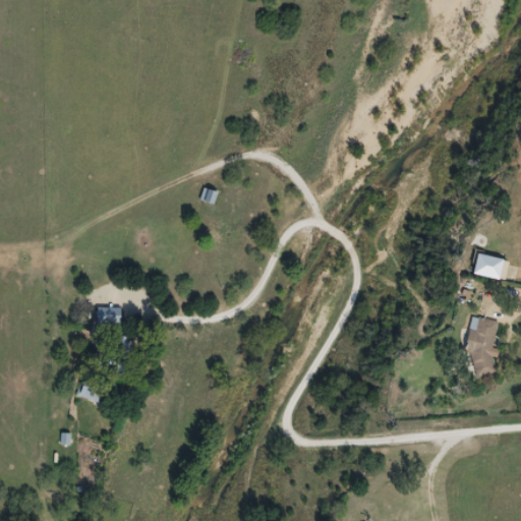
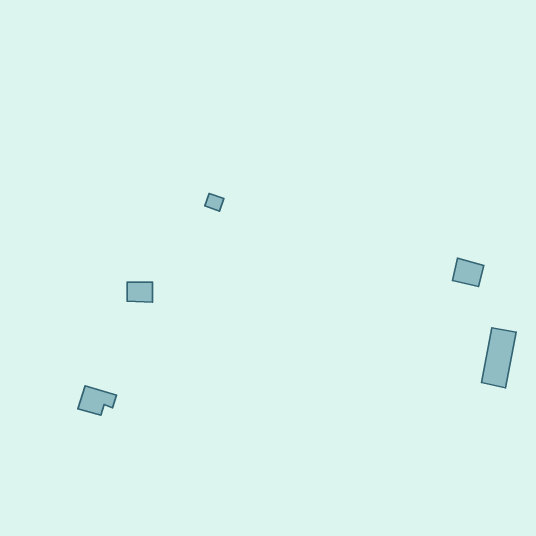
building: [474,252,505,280] -> [452,258,484,287]
building: [96,307,120,327] -> [127,282,152,302]

